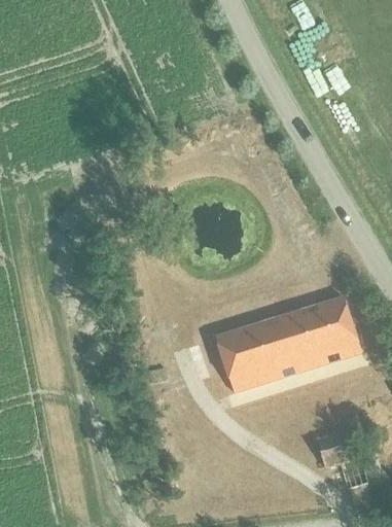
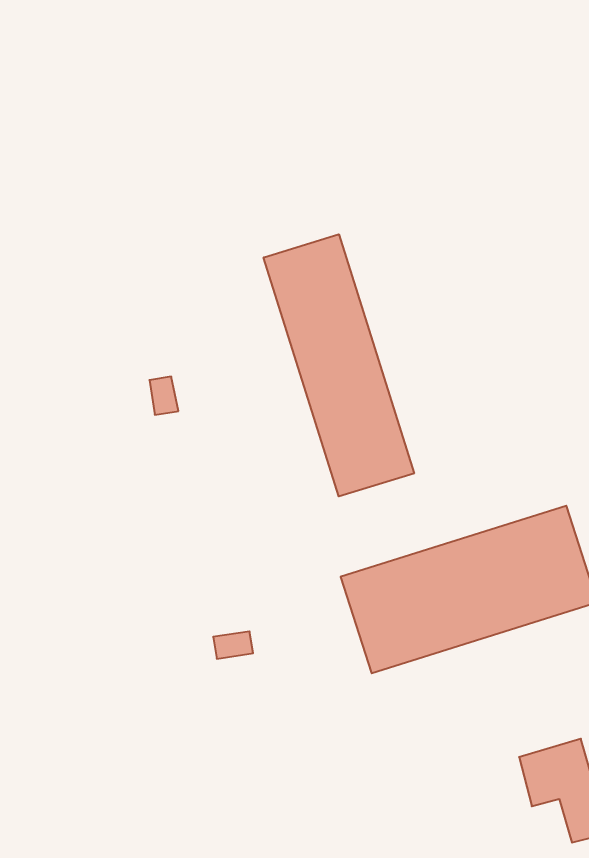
building: none -> [264,234,414,496]

